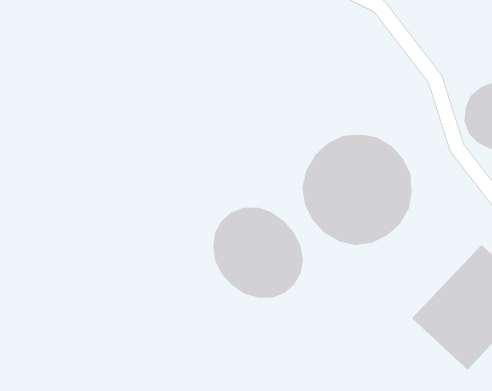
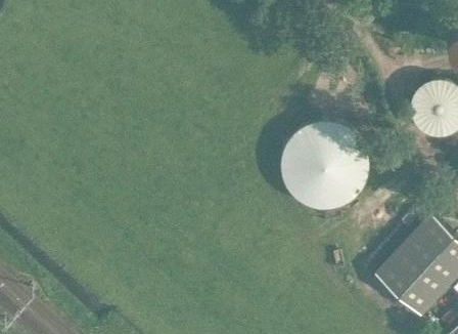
building: [213,207,304,299] -> none

